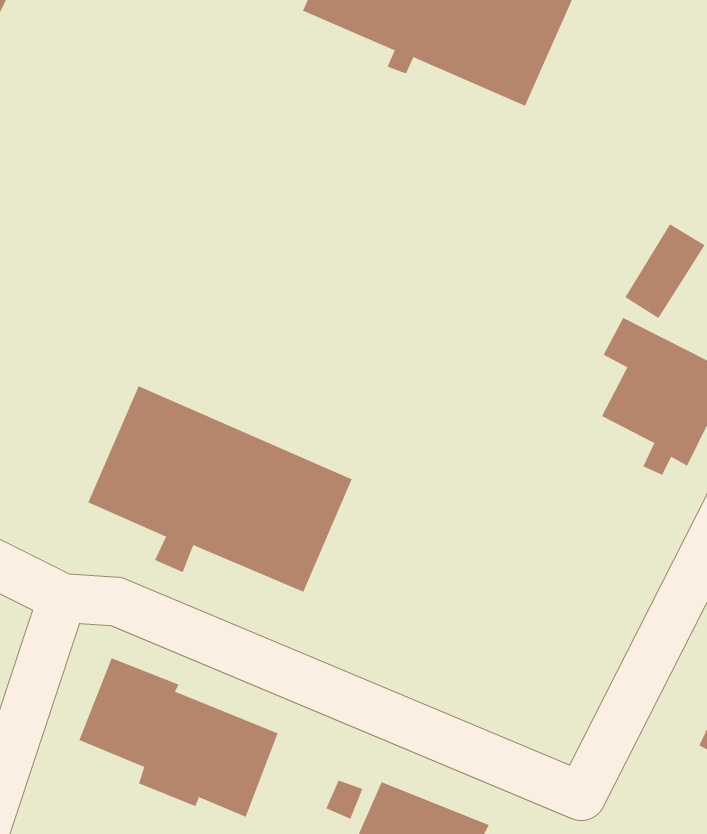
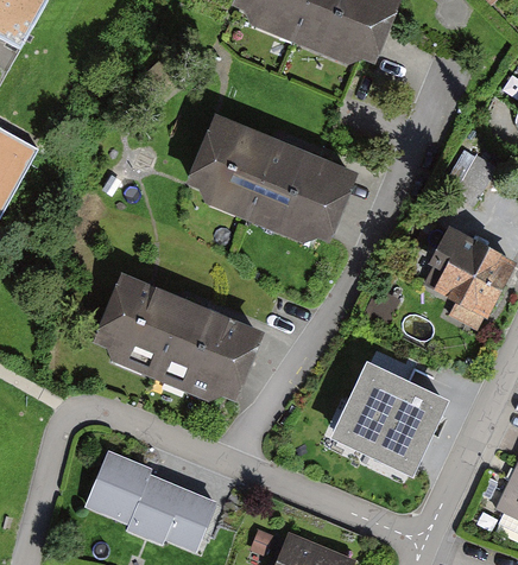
building: none -> [189,121,369,264]
building: none -> [328,355,444,470]

